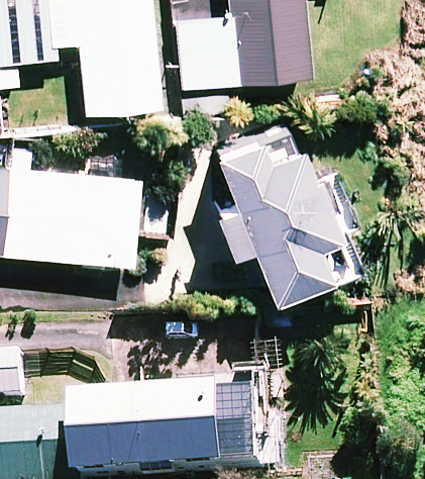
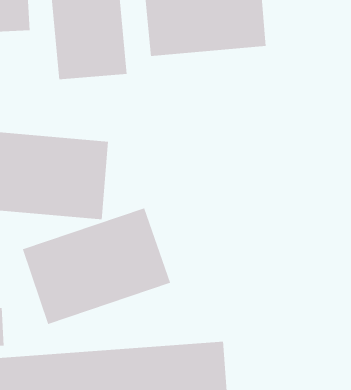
building: [215,133,342,295] -> none
building: none -> [22,208,171,325]

